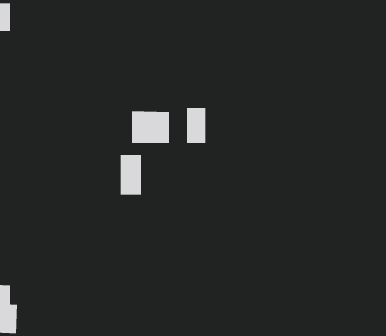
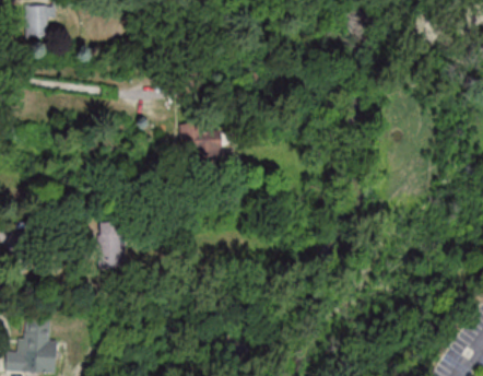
building: [187,107,206,144] -> none
building: [120,154,142,195] -> [97,224,121,269]

